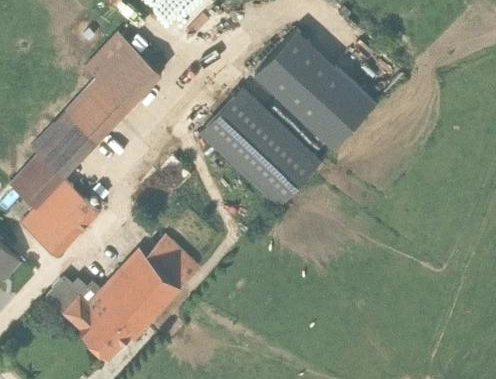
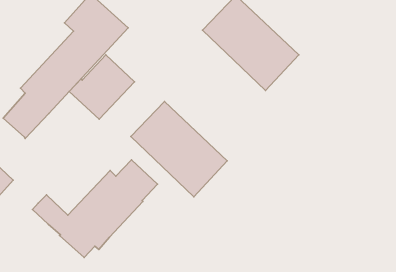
building: [201,89,319,206] -> [131,101,227,197]
building: [20,179,100,258] -> [69,55,134,119]

